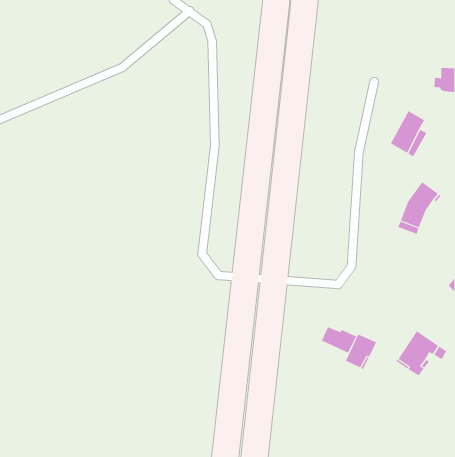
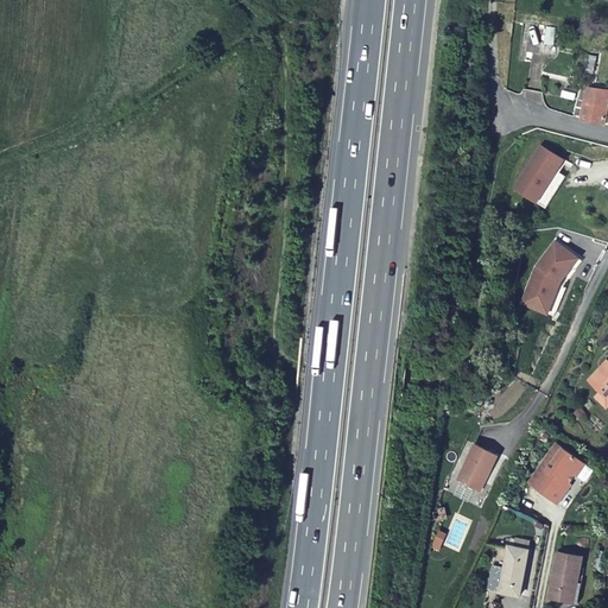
building: [321,327,357,353] -> none
building: none -> [500,545,527,595]
building: none -> [549,549,582,601]

